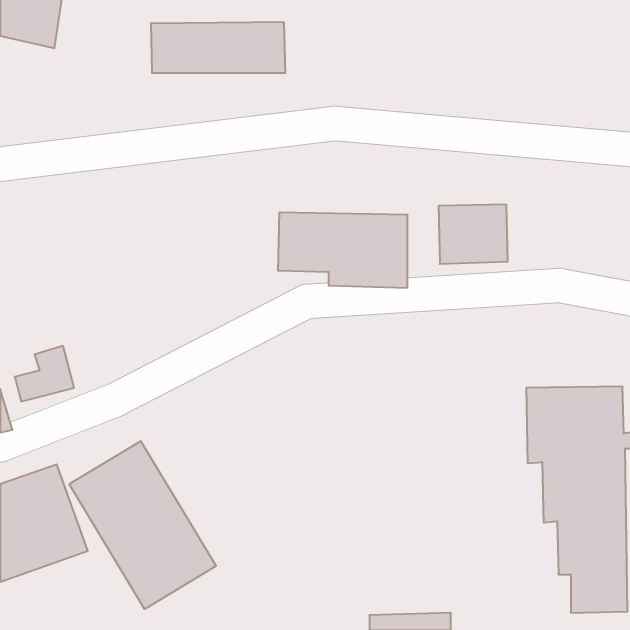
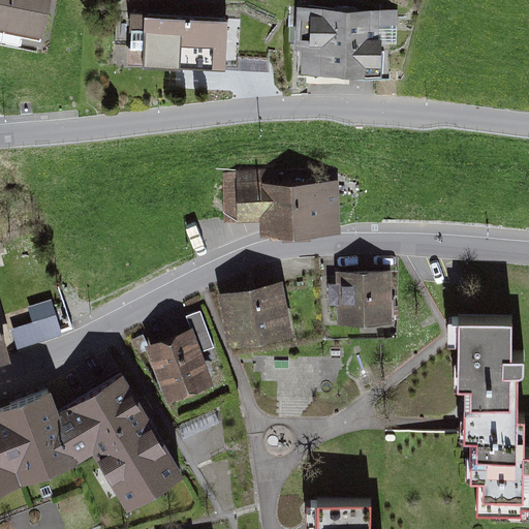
building: none -> [294,8,399,79]
building: [439,205,508,264] -> [331,276,388,325]
building: none -> [216,283,287,349]
building: none -> [145,313,214,402]

